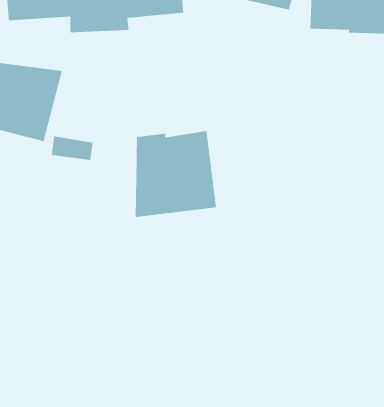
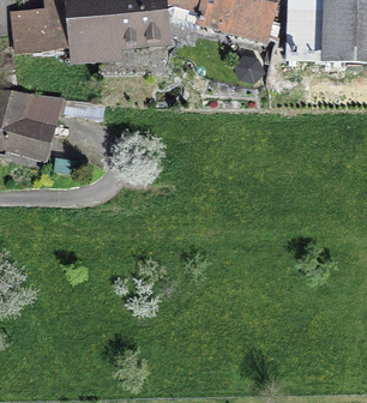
building: [135,130,217,218] -> none

